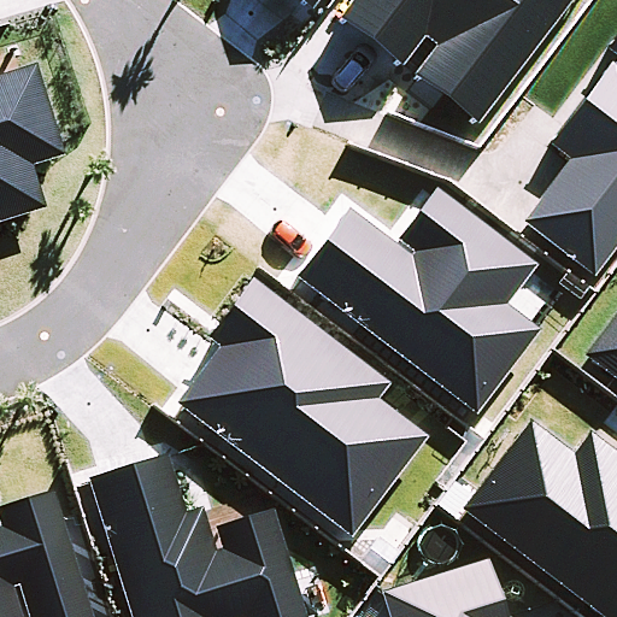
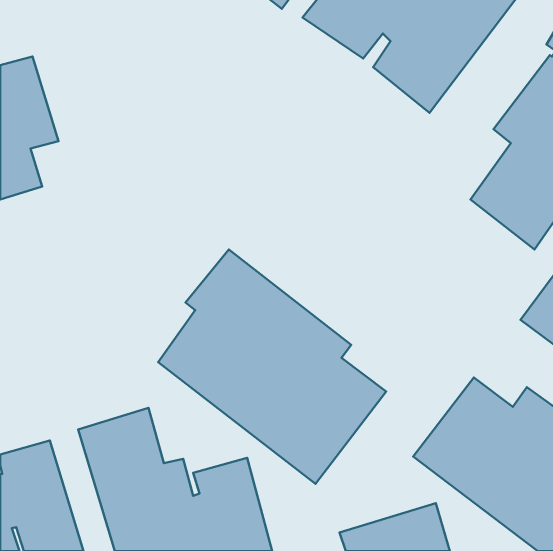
building: [296,187,542,416] -> none

